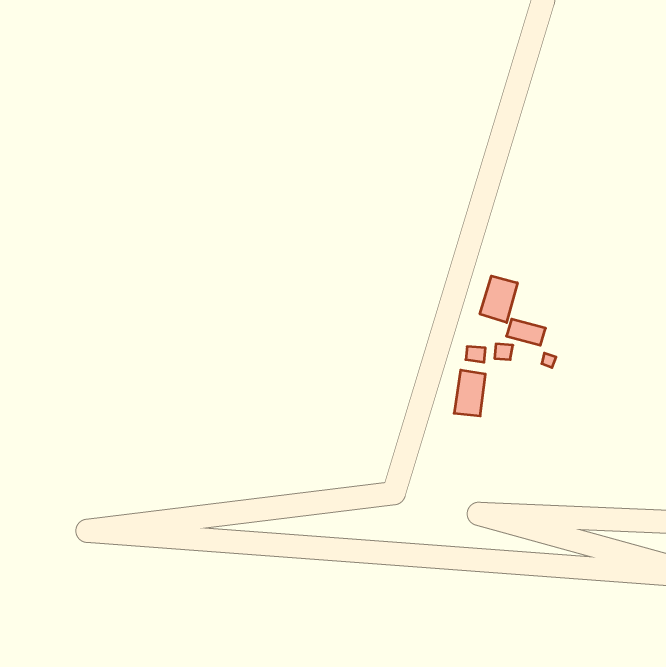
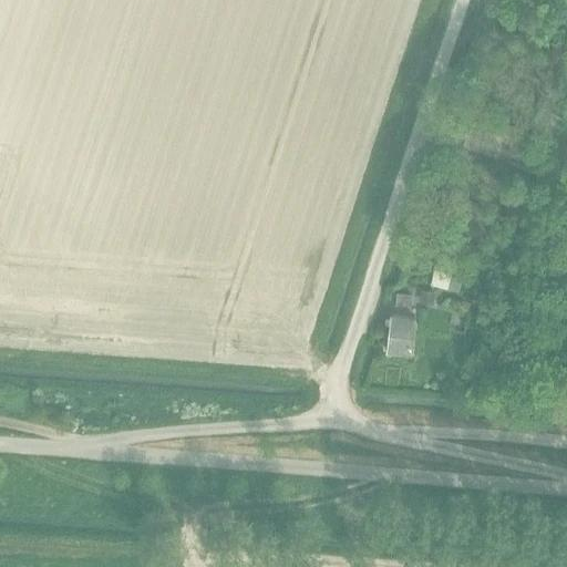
building: [480,276,517,323] -> none

